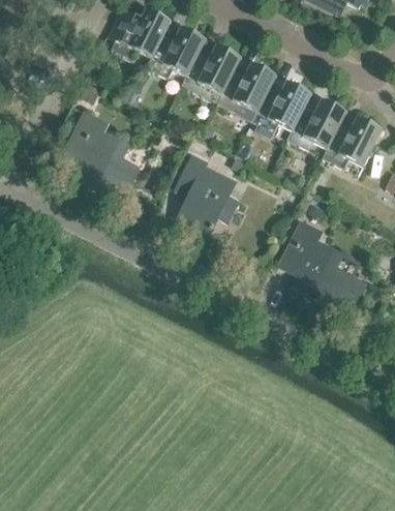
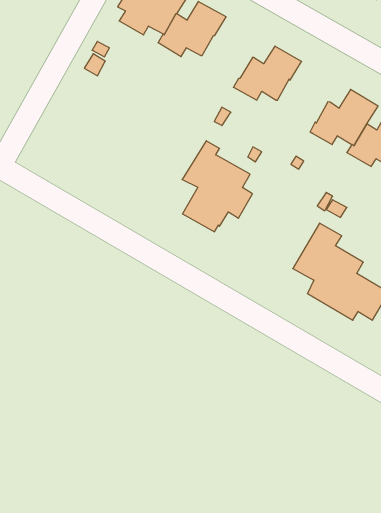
building: [181,43,241,94] -> none
building: [251,80,312,136] -> none
building: [63,111,138,198] -> none

